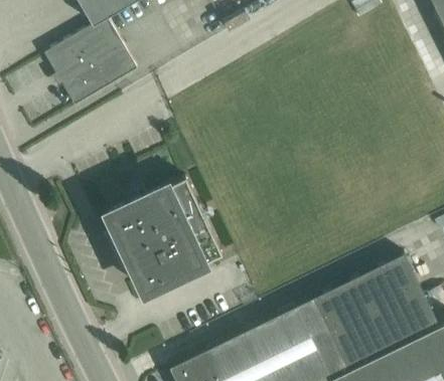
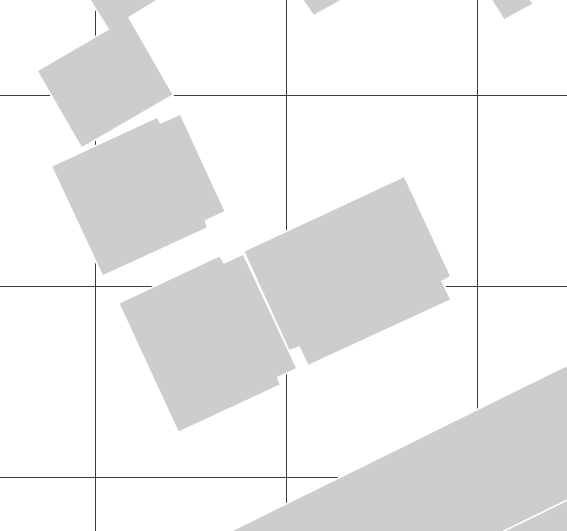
building: none -> [51,114,226,276]
building: none -> [244,176,451,366]

